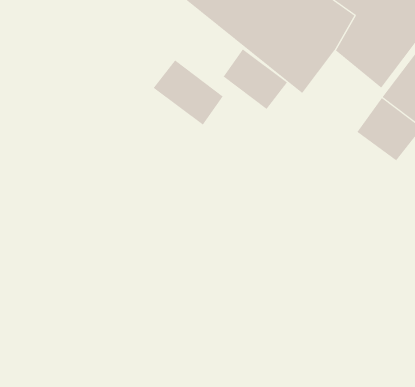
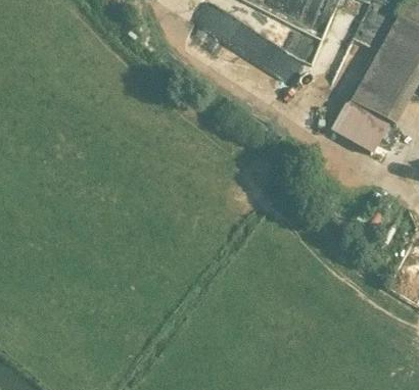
building: [223,48,288,110] -> none
building: [153,60,223,126] -> none

